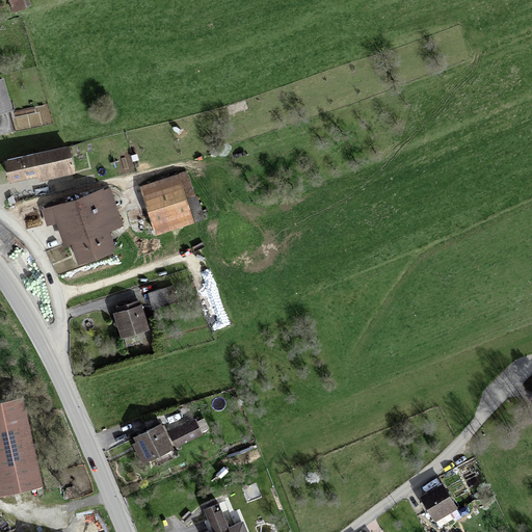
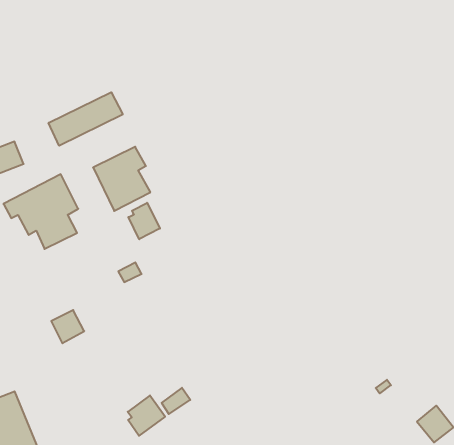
building: none -> [49,92,123,146]
building: none -> [128,203,160,239]
building: [114,304,145,336] -> [51,310,84,343]

